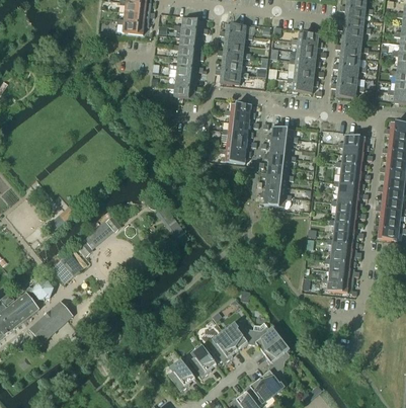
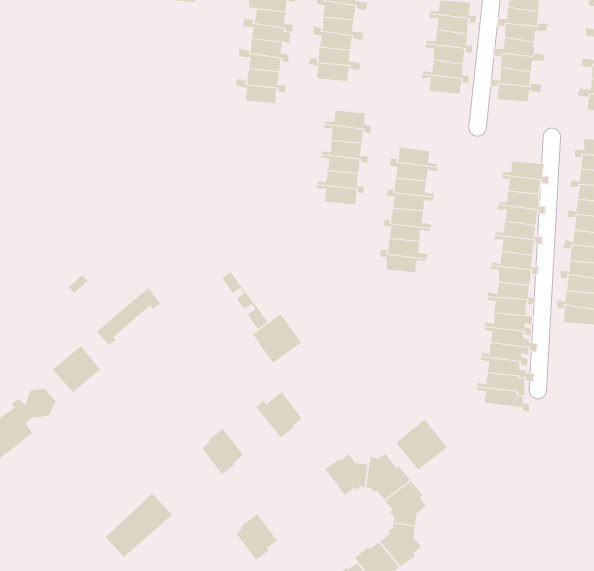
building: none -> [252,314,301,364]
building: none -> [396,419,448,471]
building: [29,301,73,342] -> [105,493,173,558]
building: [208,332,238,362] -> [255,391,303,439]
building: [189,346,217,377] -> [201,428,244,475]

